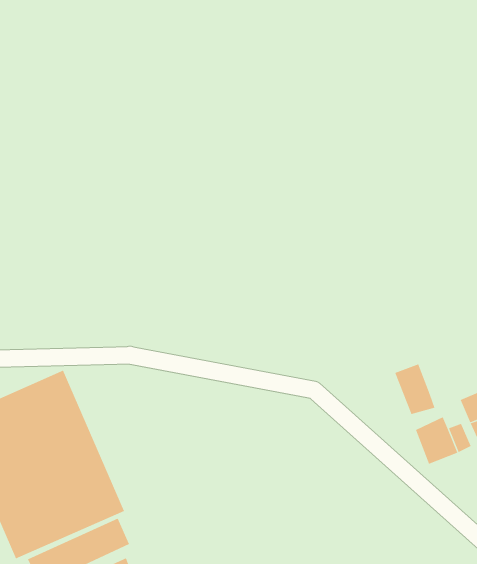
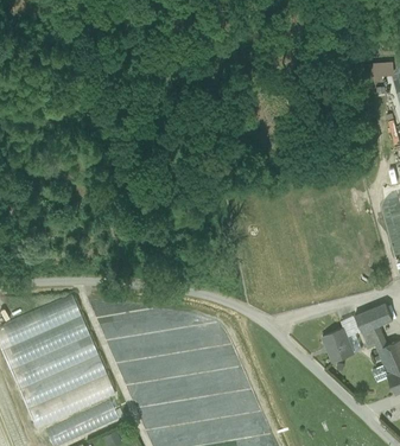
building: [395,363,435,415] -> none

